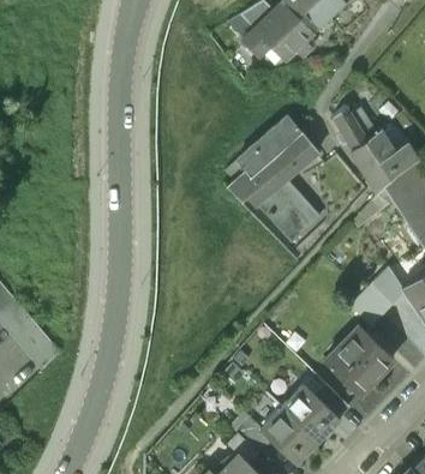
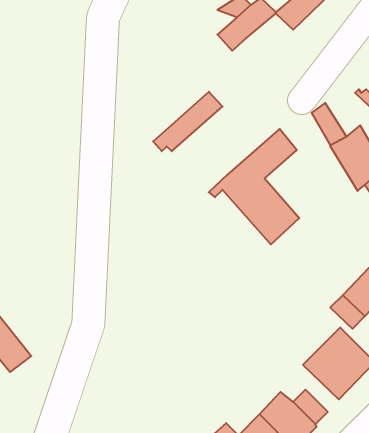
building: [269,20,315,62] -> none
building: [233,119,300,176] -> [153,92,223,151]

